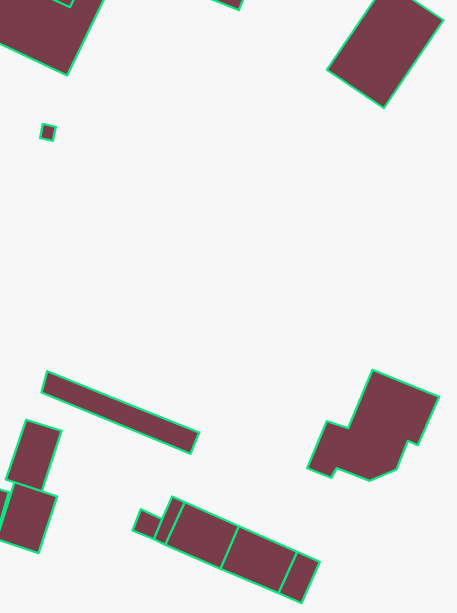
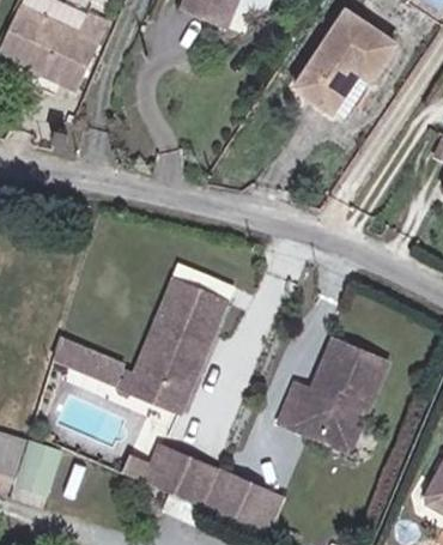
building: none -> [135,281,223,392]
building: [6,420,61,491] -> none
building: none -> [298,399,371,452]

